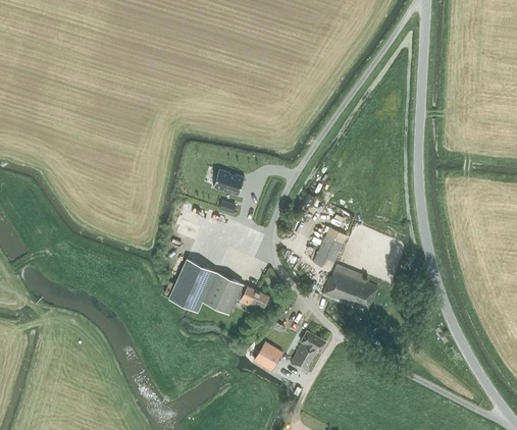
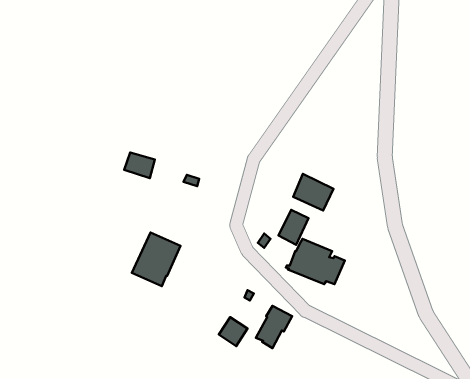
building: [212,169,243,195] -> [124,152,155,178]
building: none -> [293,174,334,211]
building: [202,271,268,313] -> none

